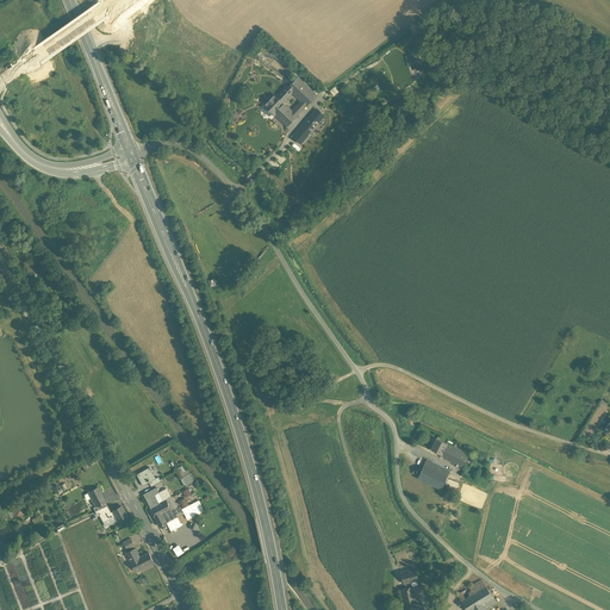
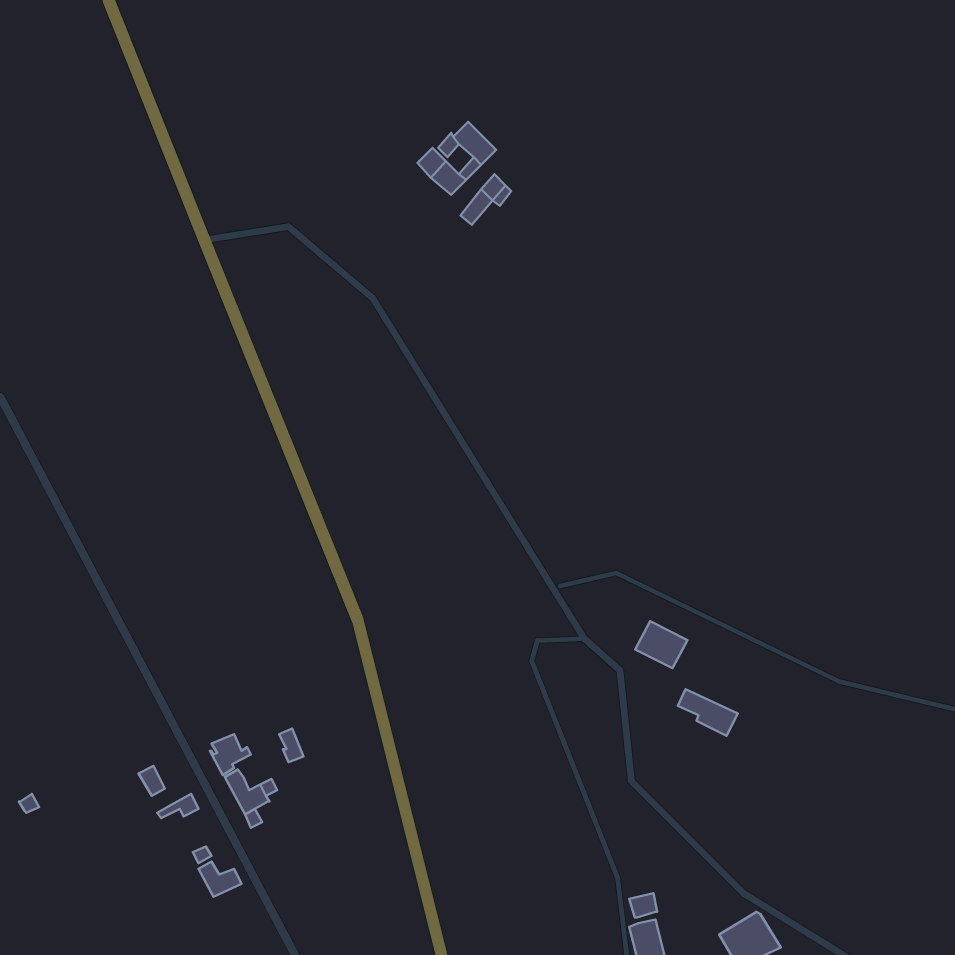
building: [418,461,452,491] -> [635,621,688,668]

